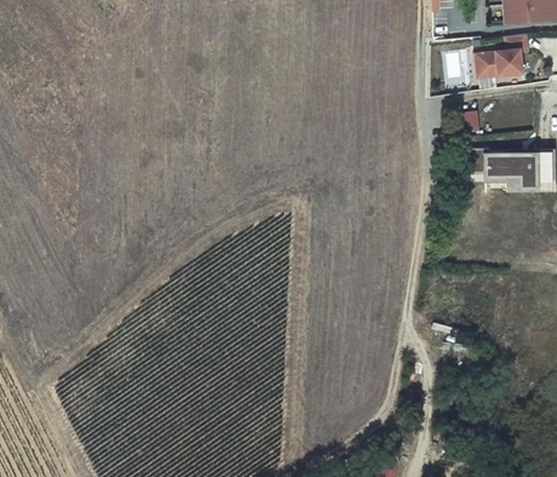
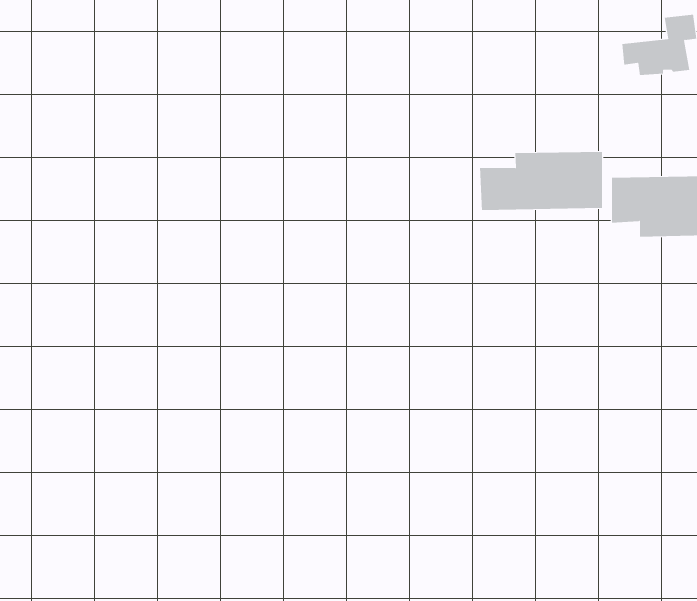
building: none -> [480,151,603,211]

